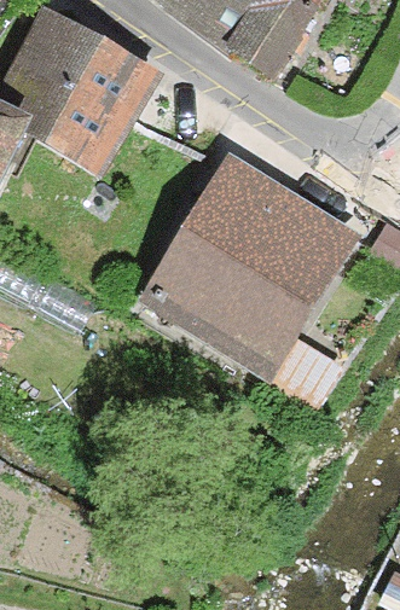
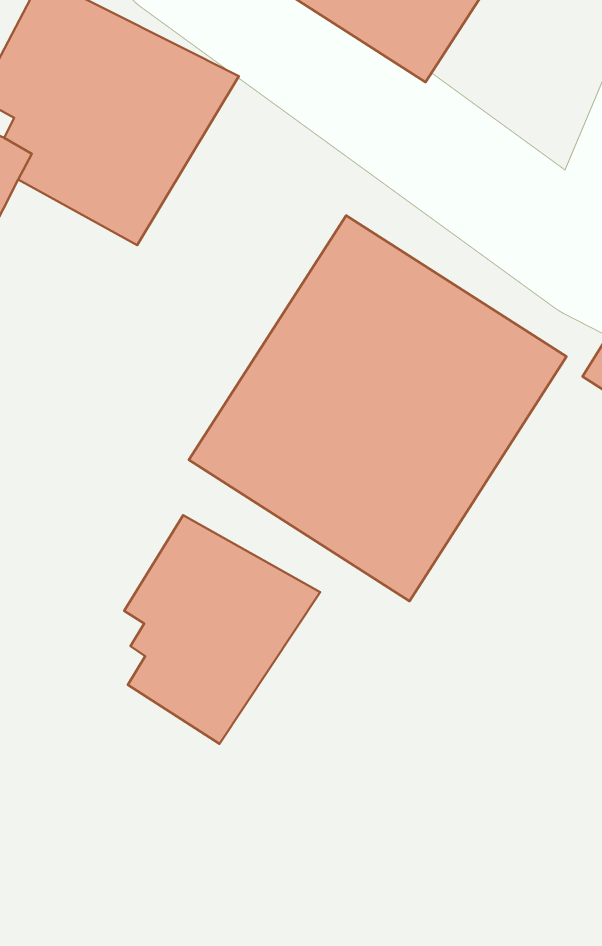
building: none -> [124,515,320,744]

